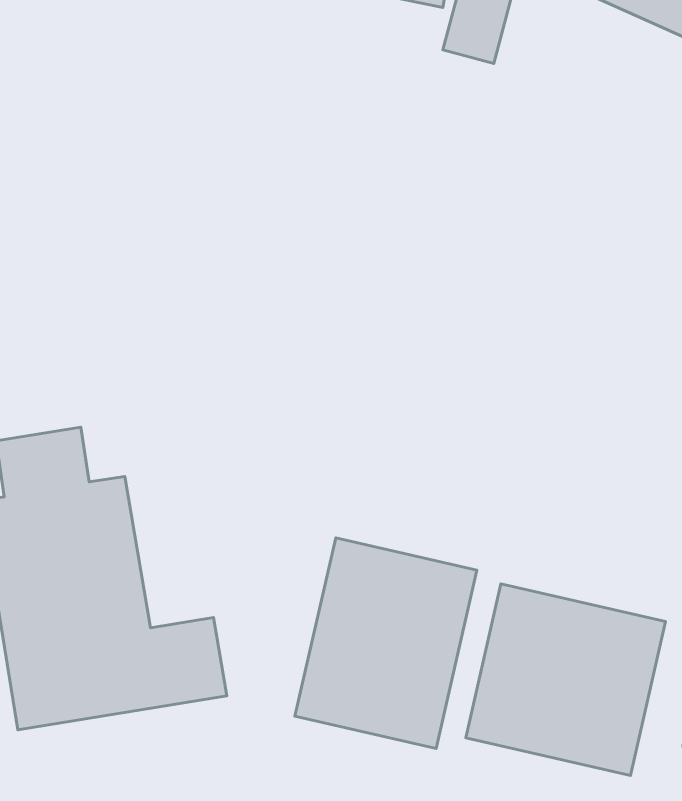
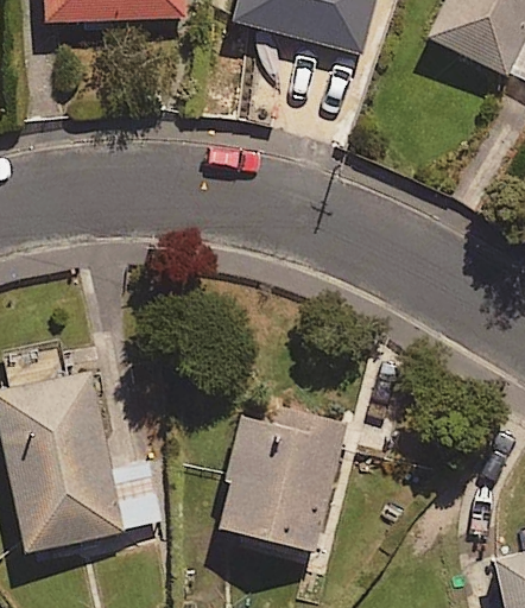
building: [466,584,666,775] -> none

